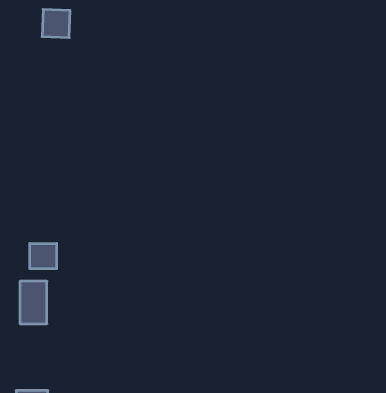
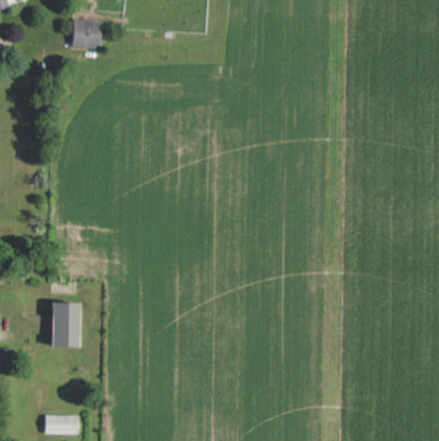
building: [30,243,57,269] -> none

